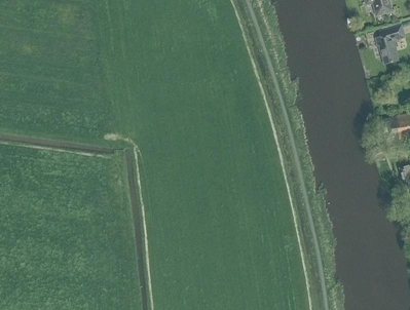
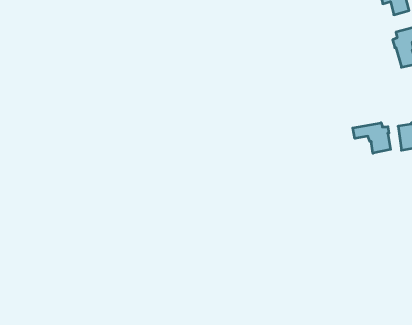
building: none -> [353,123,391,153]

